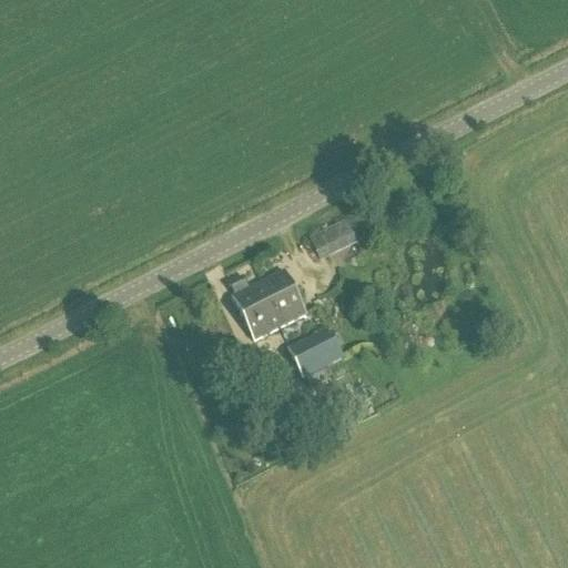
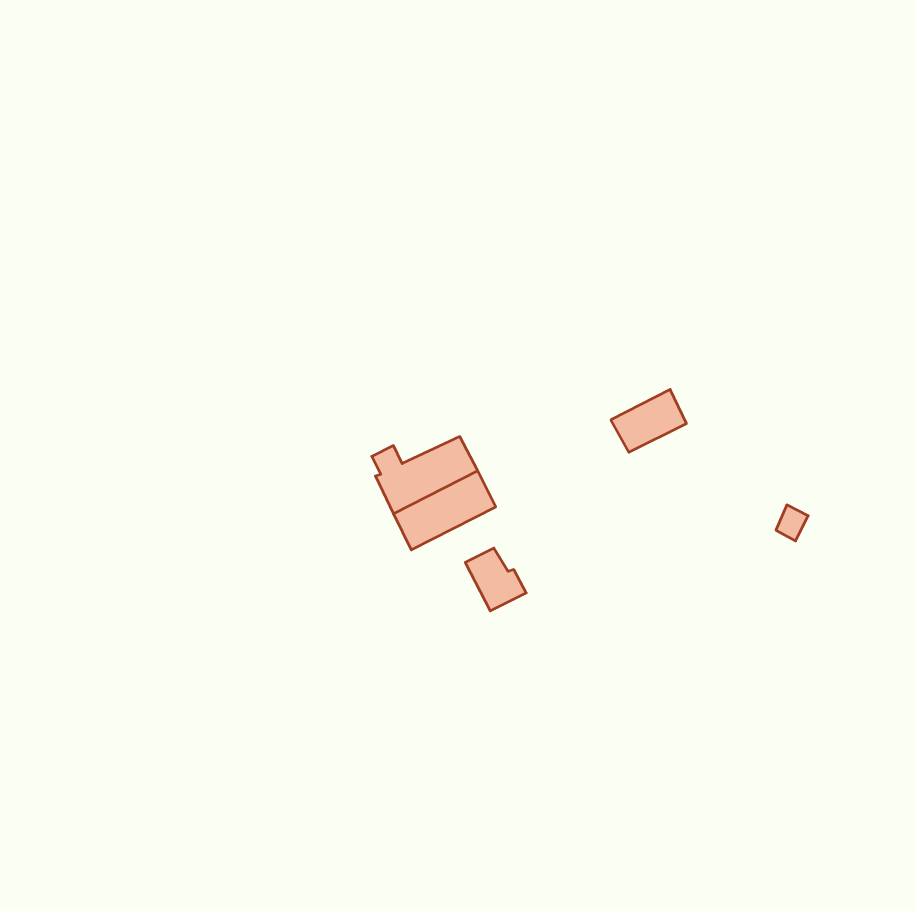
building: [310,219,356,257] -> [611,389,686,452]
building: [306,326,345,366] -> none

